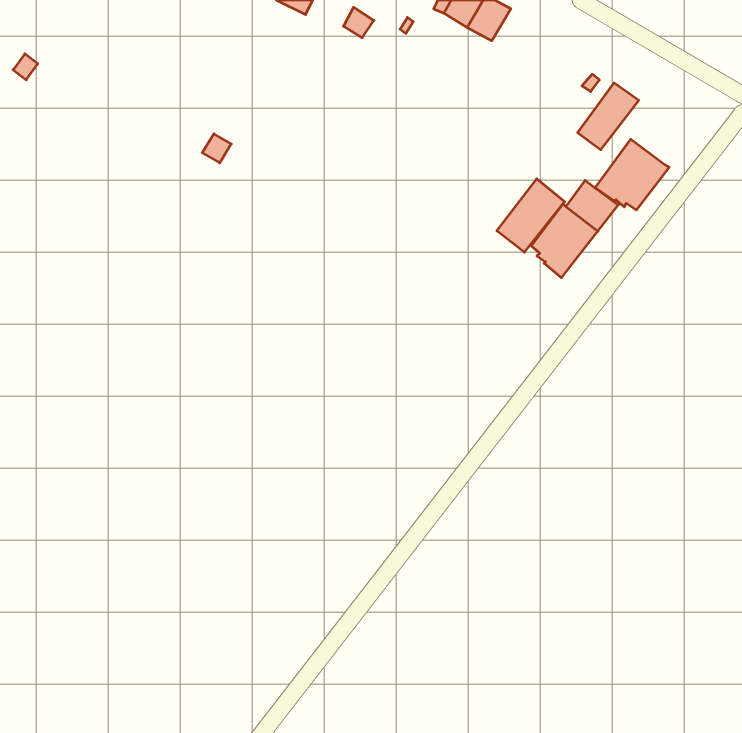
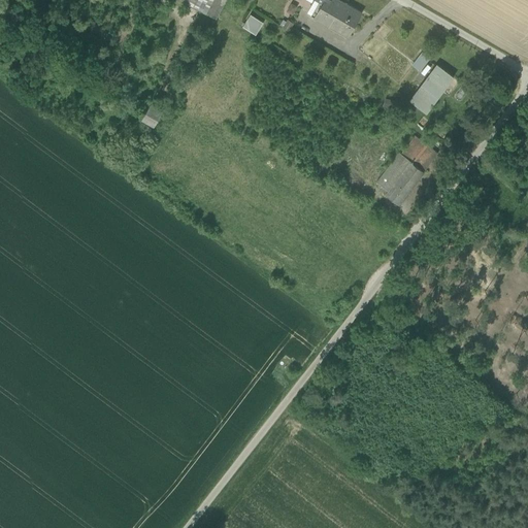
building: [595,139,669,210] -> none
building: [497,179,565,252] -> none

